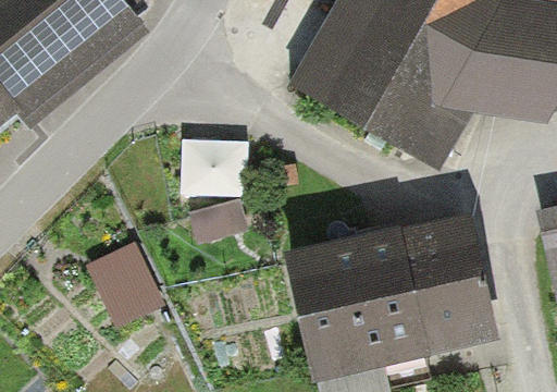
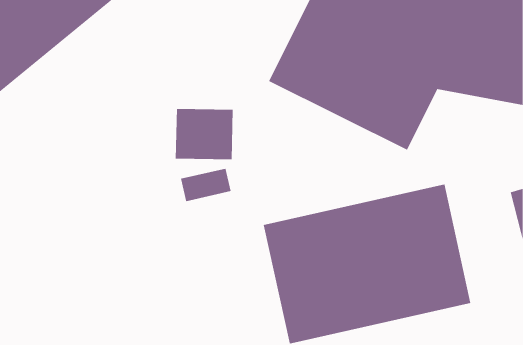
building: [90,232,174,323] -> none

